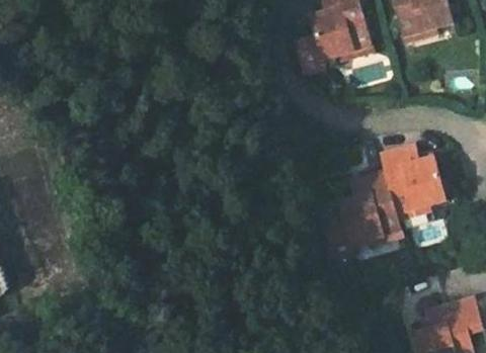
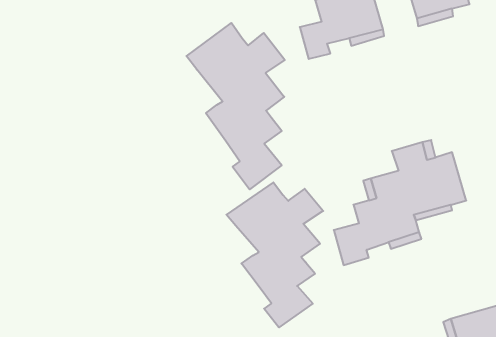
building: none -> [186,23,285,189]
building: none -> [226,182,323,327]

